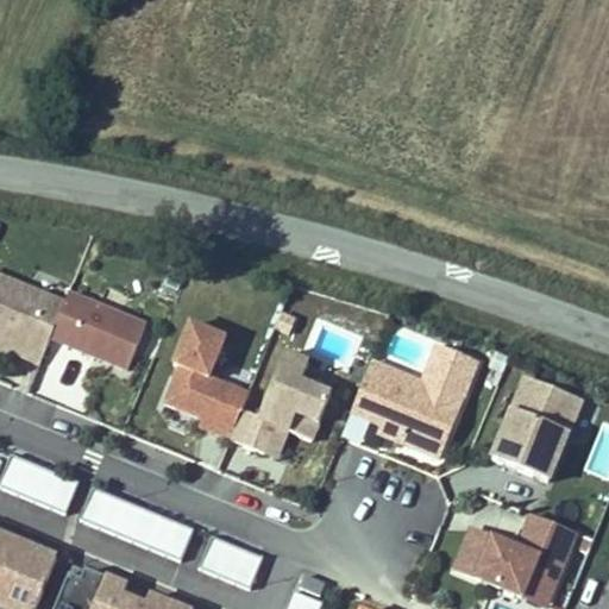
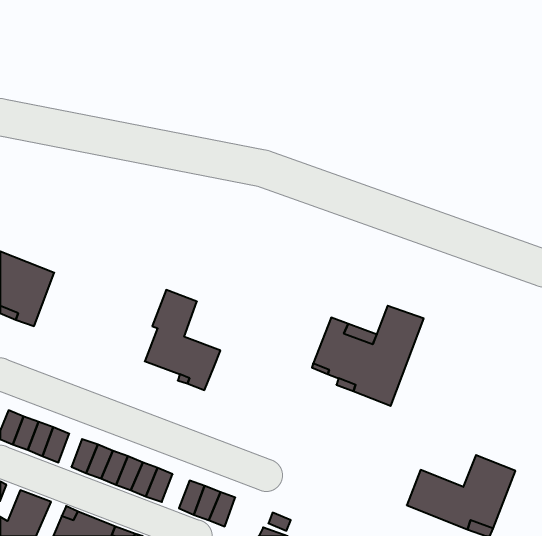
building: [50,294,145,369] -> none
building: [230,351,331,452] -> none
building: [492,373,578,475] -> none

